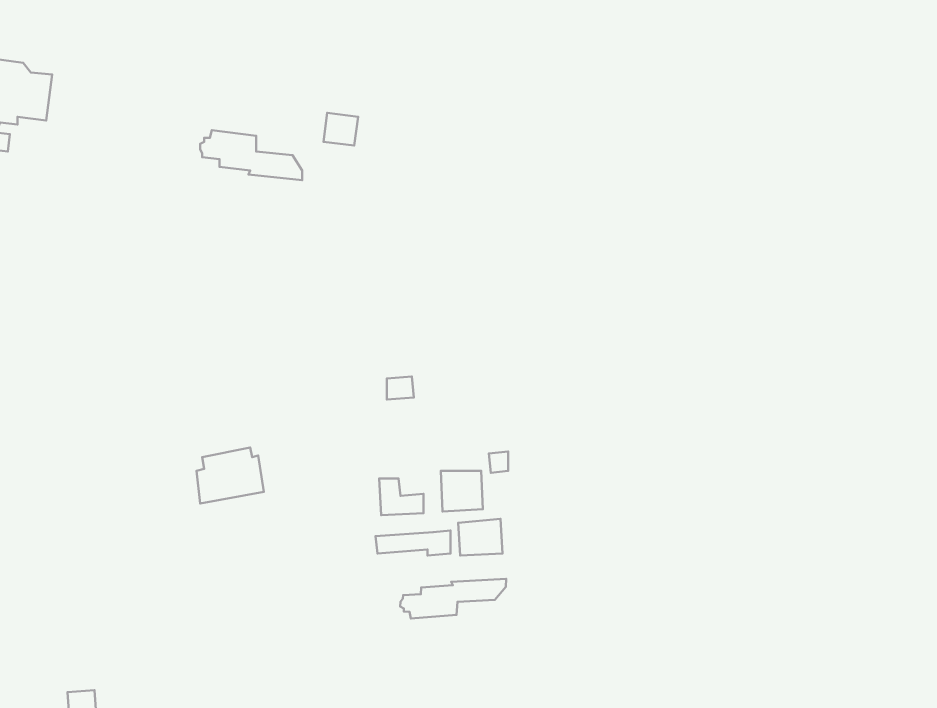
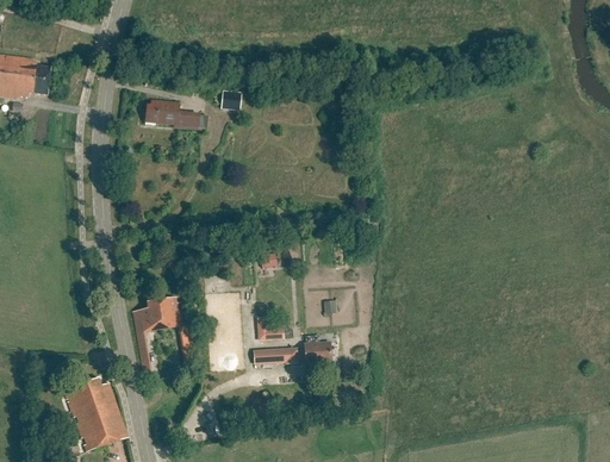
building: [441,471,483,511] -> none
building: none -> [63,376,127,449]
building: [400,579,506,618] -> none

